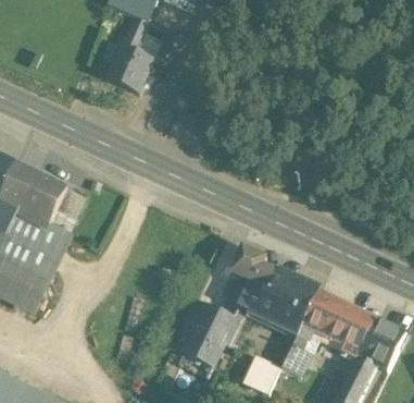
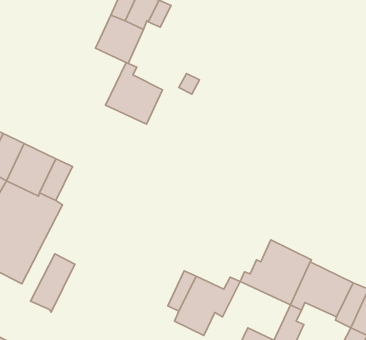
building: none -> [105,63,163,124]
building: [219,246,278,313] -> none
building: none -> [31,254,75,312]

